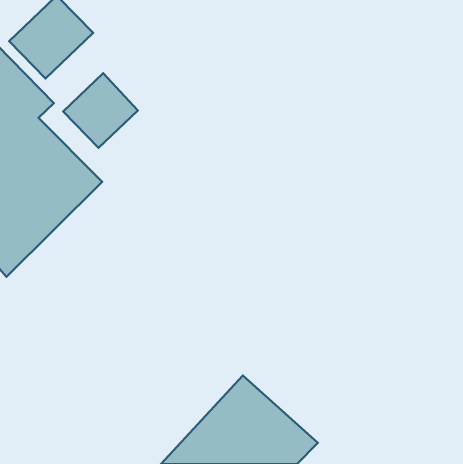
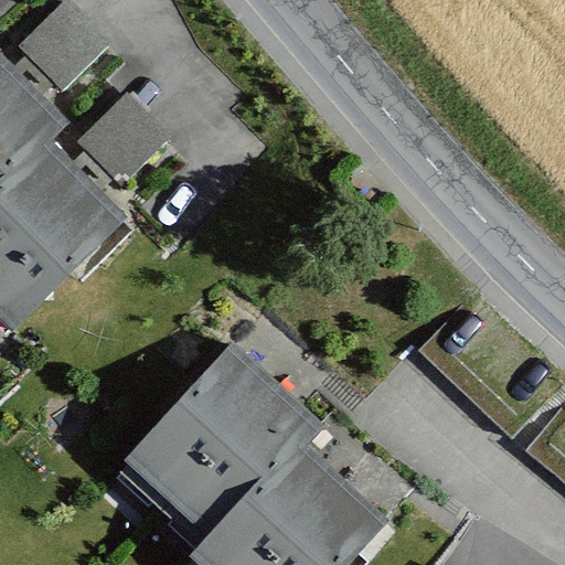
building: none -> [113,351,310,555]

